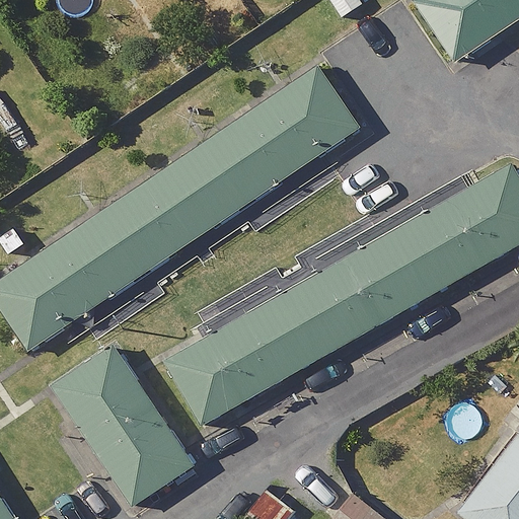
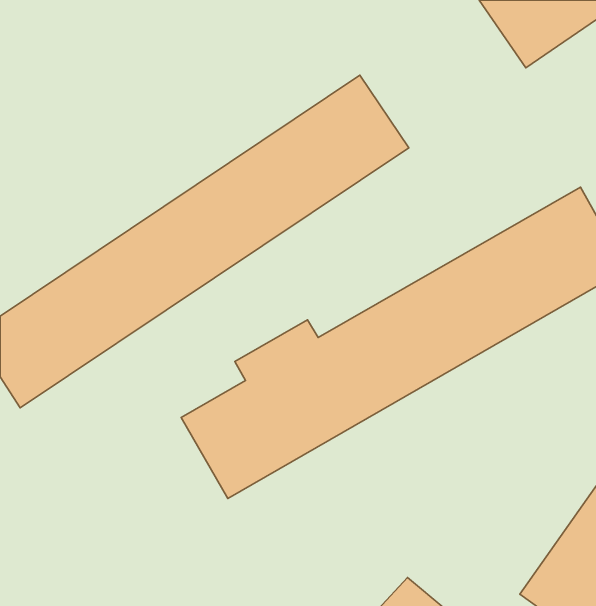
building: [54,345,194,506] -> none

